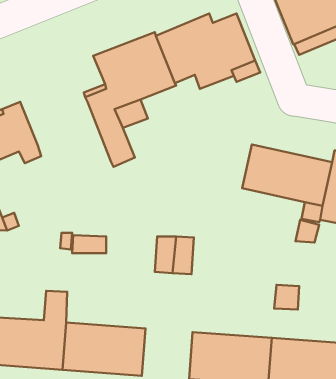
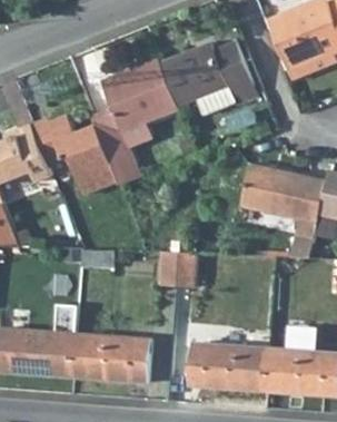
building: none -> [32,115,118,196]

